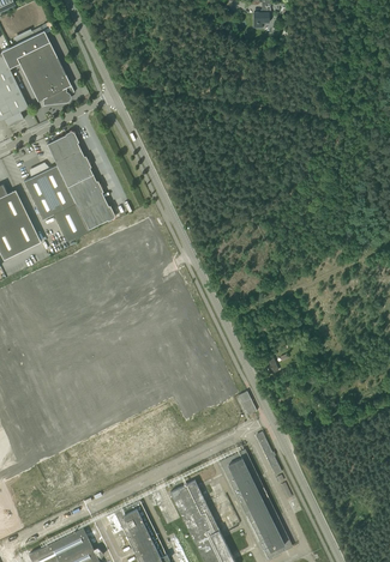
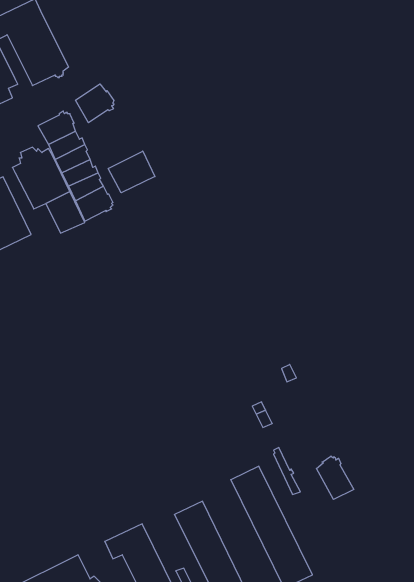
building: none -> [76,84,114,123]
building: none -> [108,151,155,193]
building: none -> [316,456,354,499]

